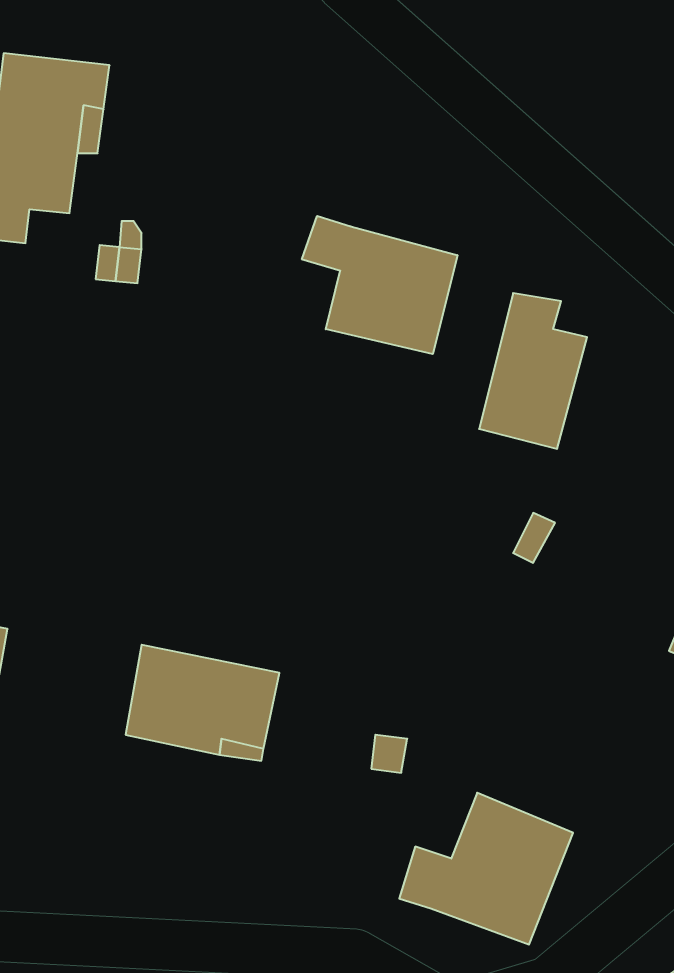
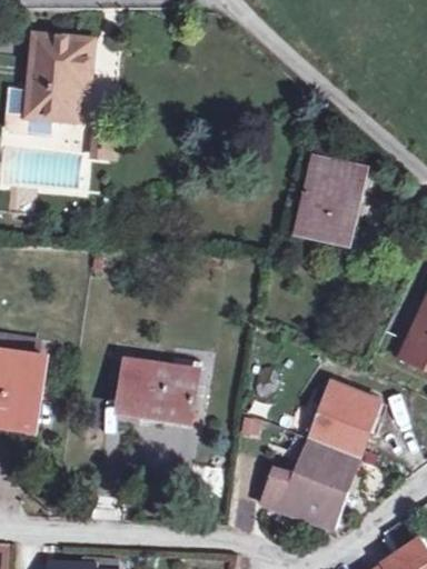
building: [302,216,457,354] -> none
building: none -> [304,383,379,465]

